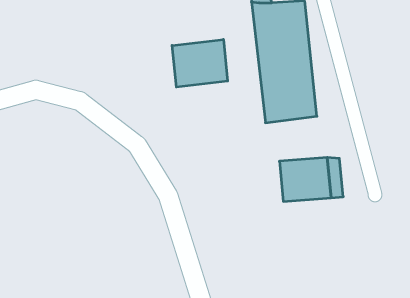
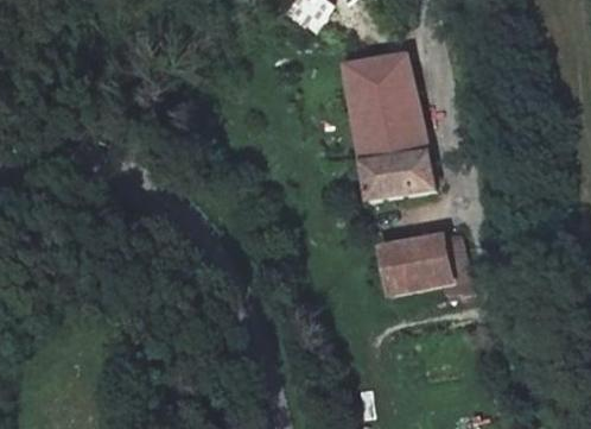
building: [172,39,228,87] -> none

